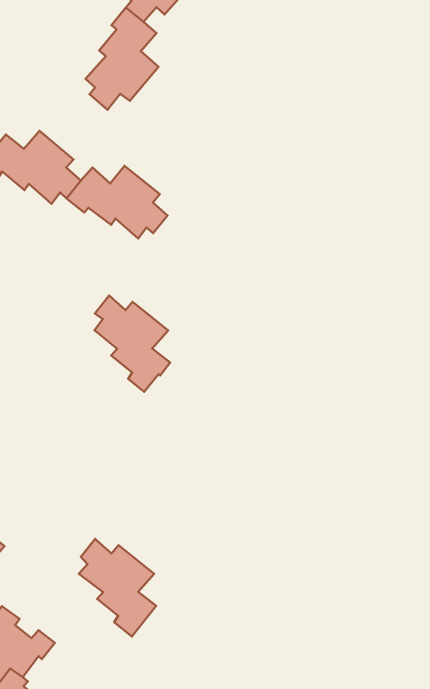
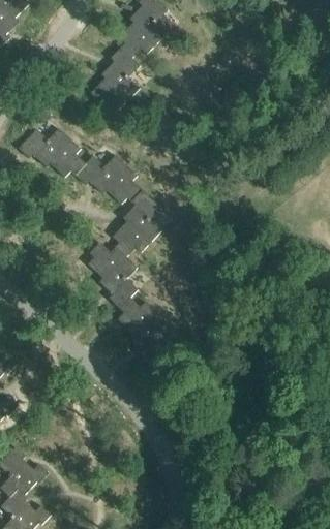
building: none -> [112,189,160,256]
building: [79,539,156,637] -> [116,295,167,363]

